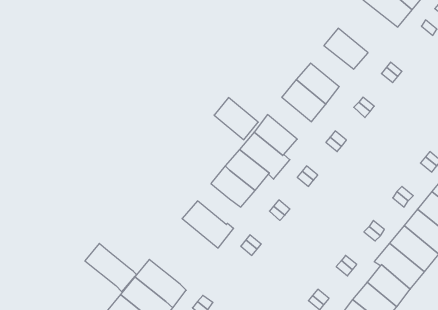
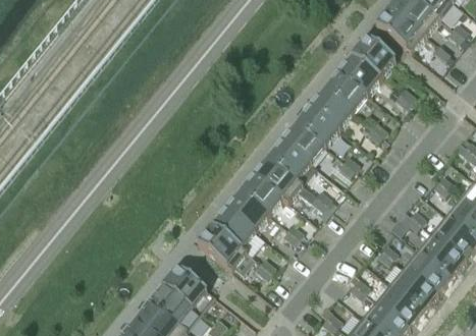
building: none -> [352,32,395,74]
building: none -> [324,67,367,108]
building: [214,98,258,140] -> [281,118,325,160]
building: none -> [212,204,255,244]
building: [85,243,136,292] -> [164,262,215,310]

